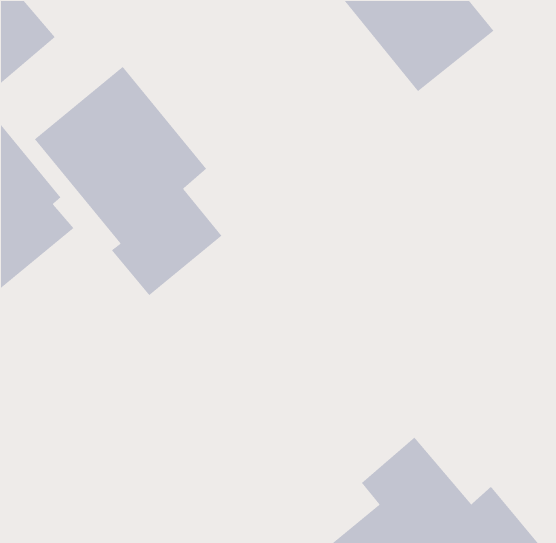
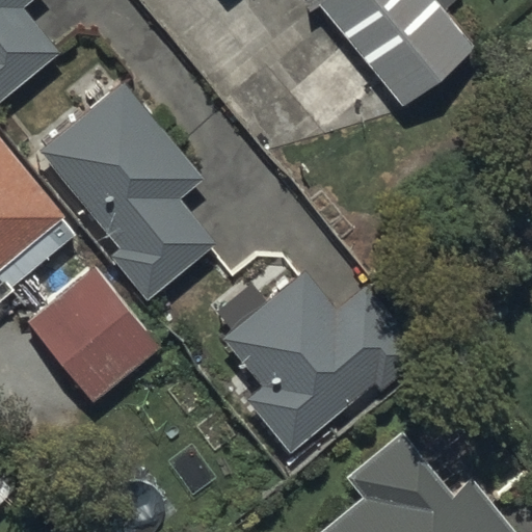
building: none -> [26,266,158,401]
building: none -> [224,271,424,447]

